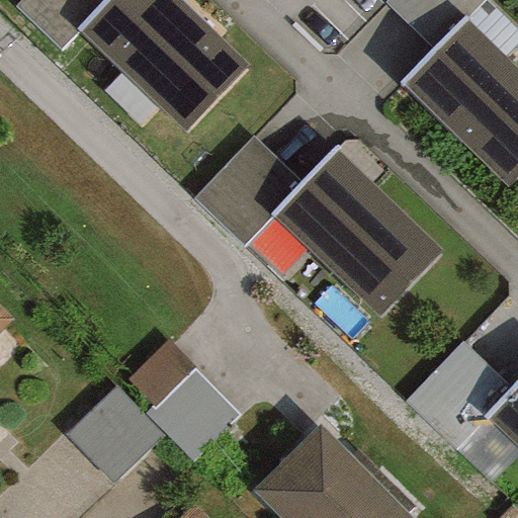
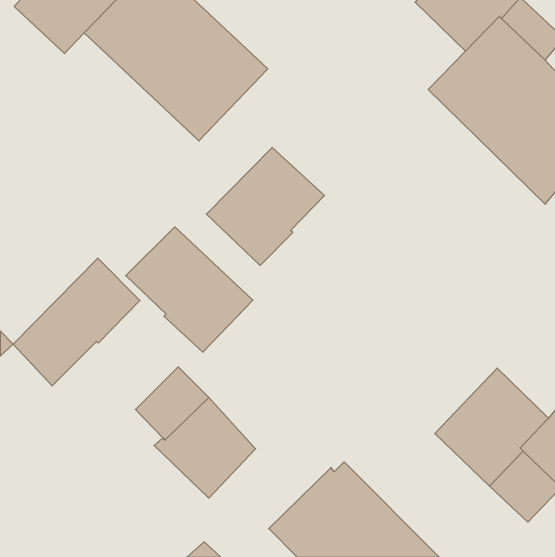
building: [272,145,443,317] -> none
building: none -> [126,227,253,352]
building: none -> [13,258,140,386]
building: [67,386,165,485] -> none

